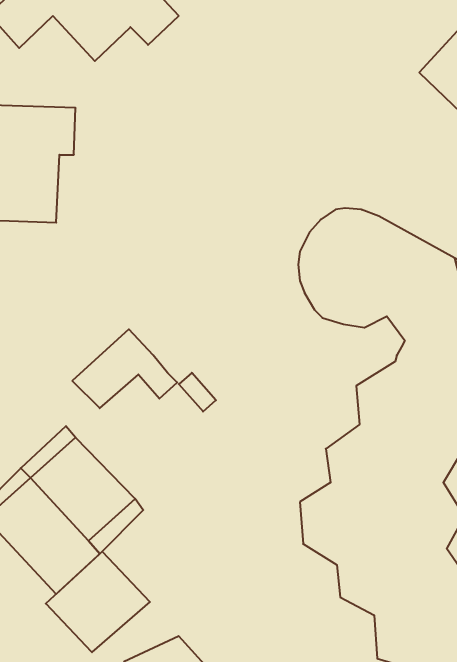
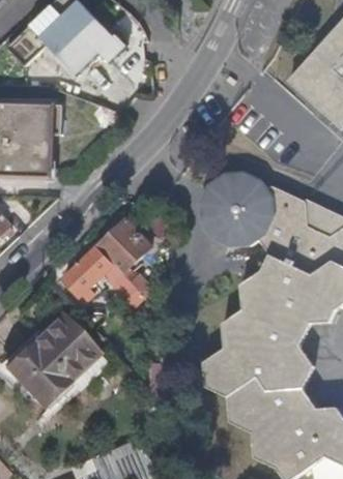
building: none -> [97,221,151,274]
building: [46,552,150,652] -> none

